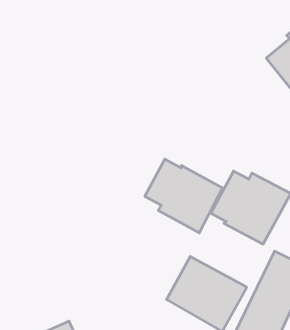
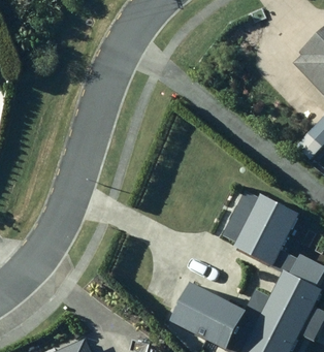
building: [145,159,223,233] -> none

